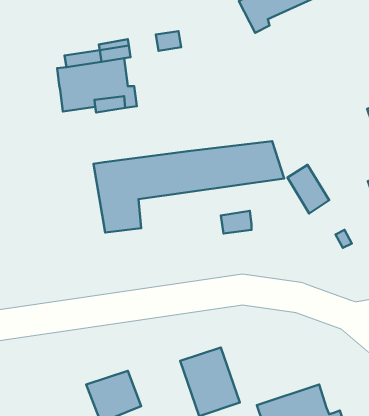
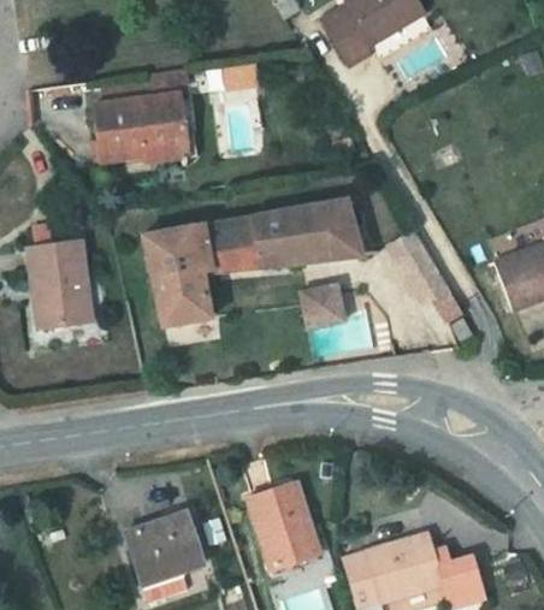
building: none -> [20,244,87,328]

